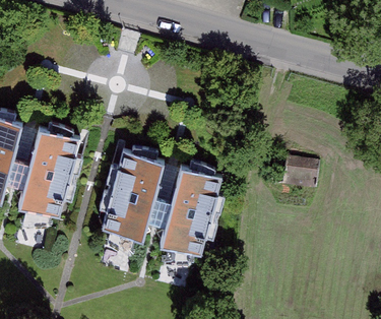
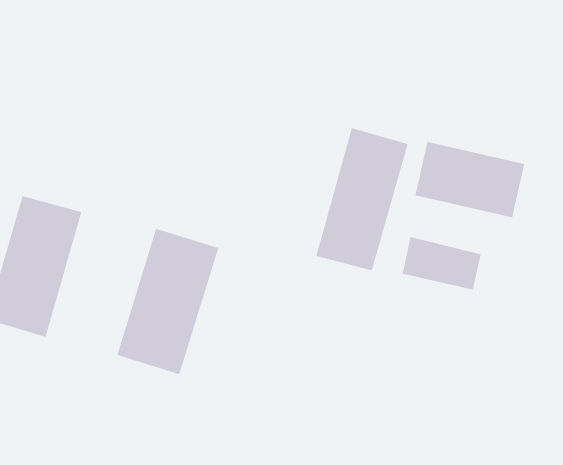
building: none -> [415,141,525,218]
building: [165,169,223,258] -> [315,128,408,271]

